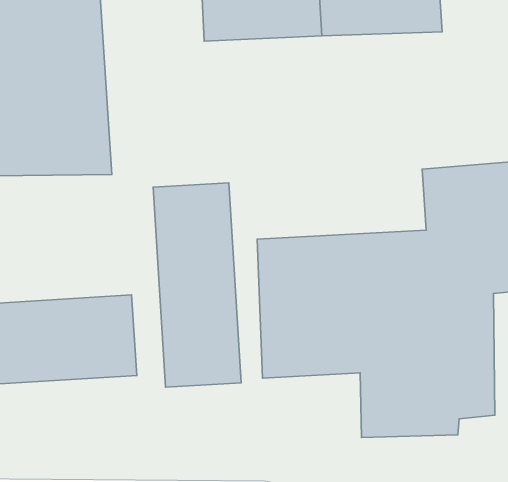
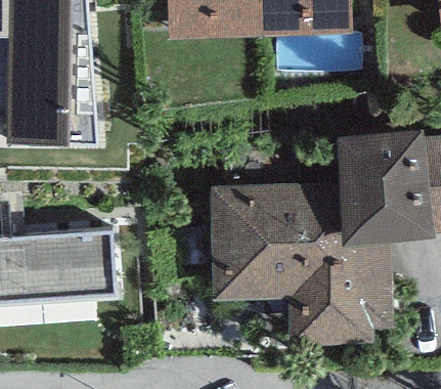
building: [153,183,241,387] -> none

